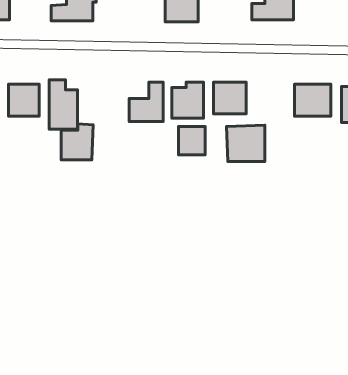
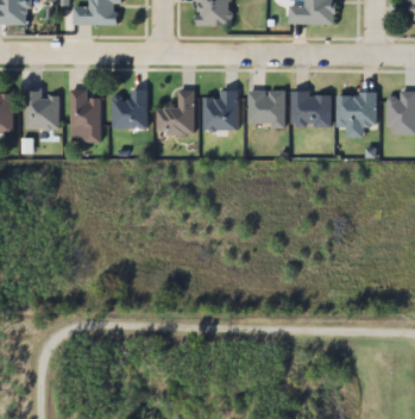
building: [61,124,93,160] -> [113,89,147,129]
building: [227,125,265,161] -> [290,89,332,129]
building: [178,126,205,155] -> none

